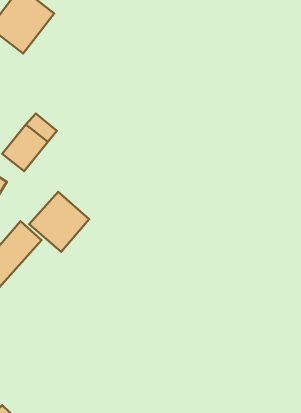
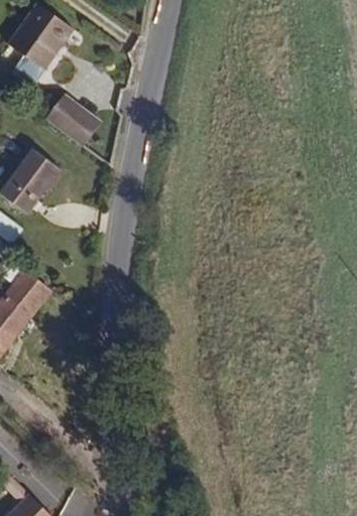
building: none -> [41,92,99,146]
building: [29,192,89,252] -> none

